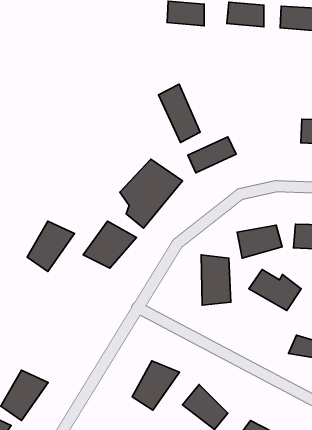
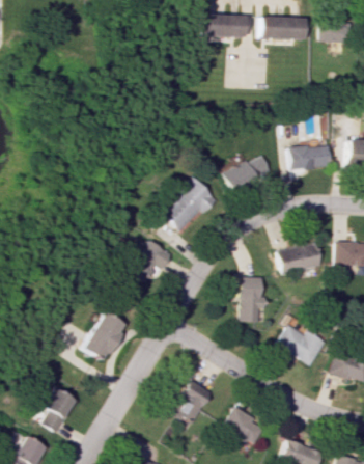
building: [159,84,200,142] -> none
building: none -> [286,140,327,170]
building: [27,221,74,272] -> [79,312,127,363]
building: [249,269,301,311] -> [274,324,327,365]

